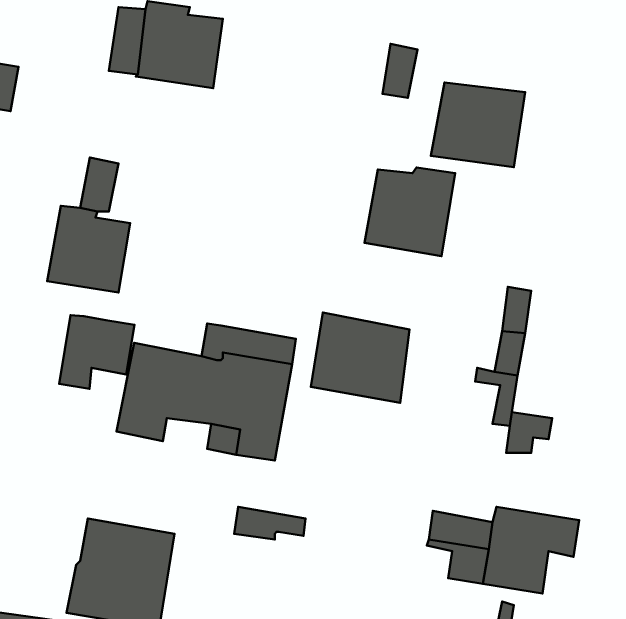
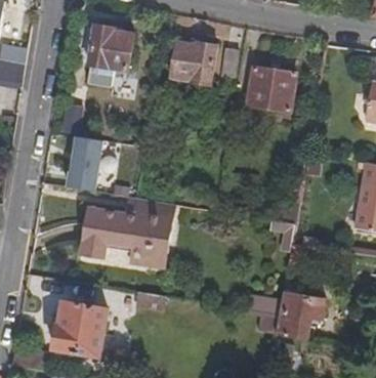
building: [364,168,455,256] -> [171,38,219,85]
building: [311,313,409,403] -> none
building: [59,315,135,389] -> none

